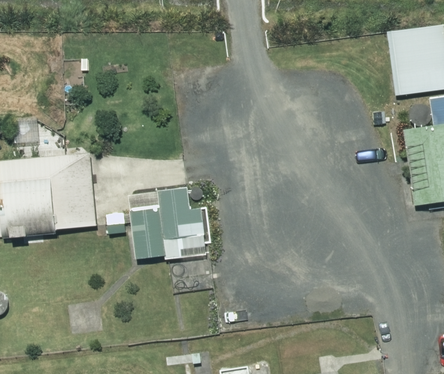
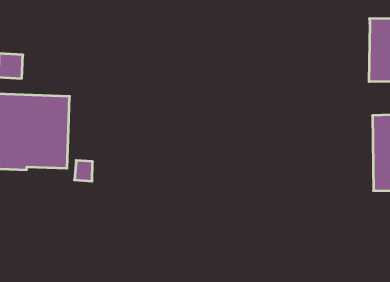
building: [127,187,210,261] -> none

